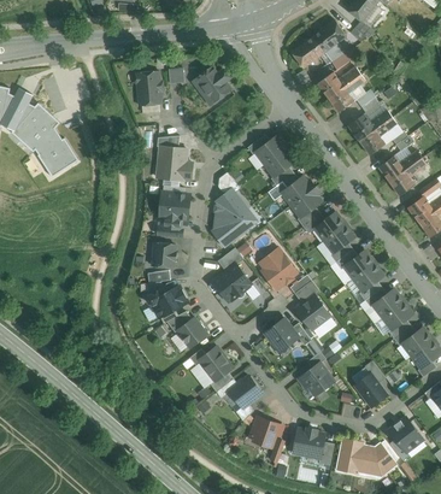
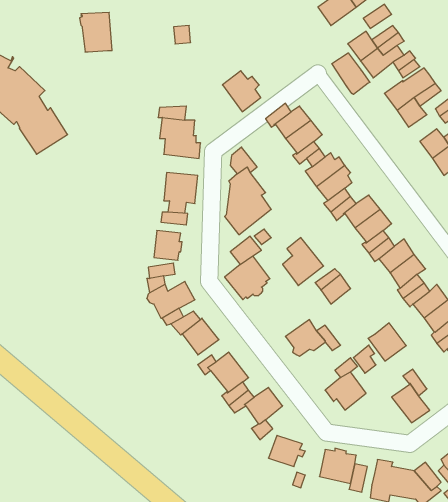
building: [196,66,229,101] -> [222,71,261,112]
building: [134,71,161,105] -> [80,12,112,52]
building: none -> [332,53,370,94]
building: [296,295,329,328] -> [368,323,406,361]

